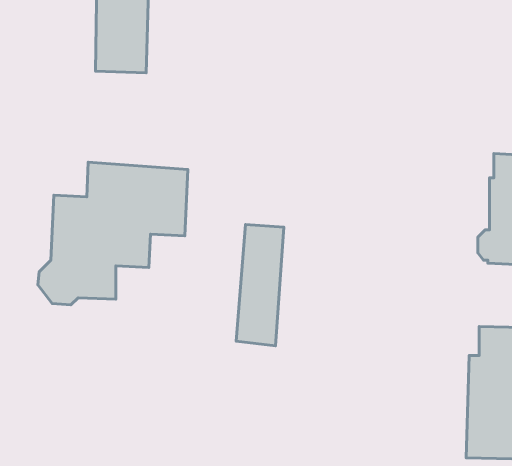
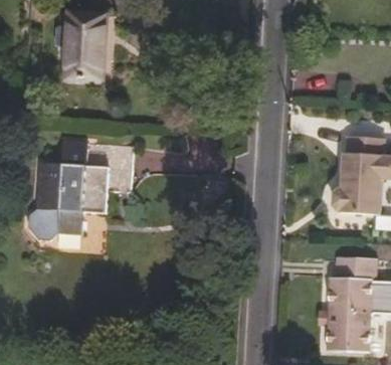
building: [236,225,284,346] -> none

